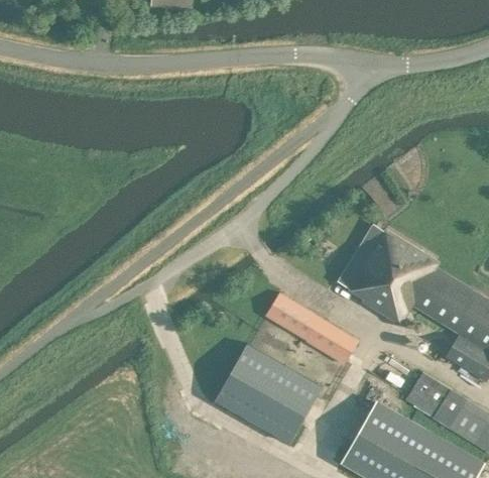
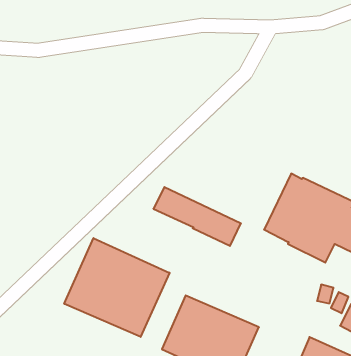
building: none -> [64,238,170,337]
building: [265,294,358,365] -> [153,187,241,246]

